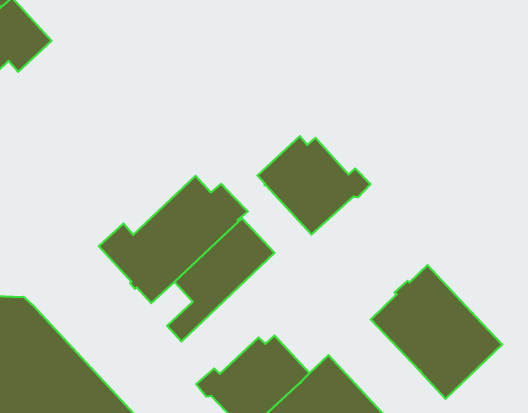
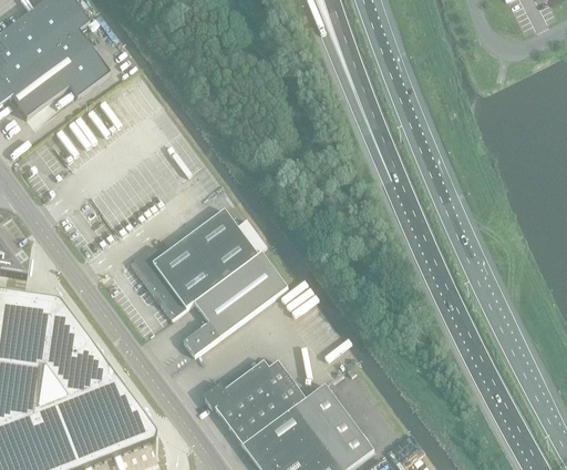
building: [257,136,371,235] -> none
building: [371,265,502,399] -> none

